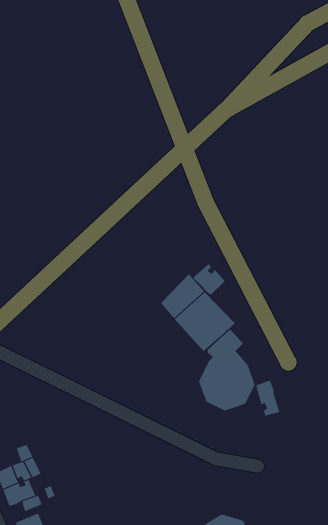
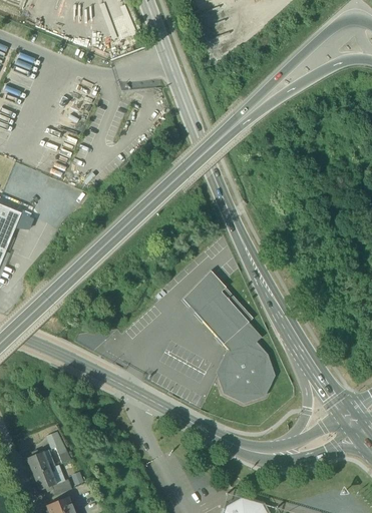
building: [192,263,226,296] -> none
building: [256,380,280,416] -> none

